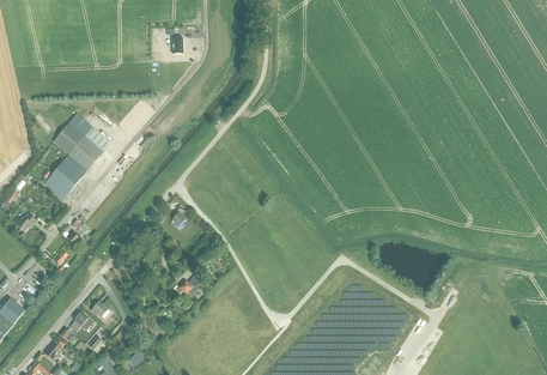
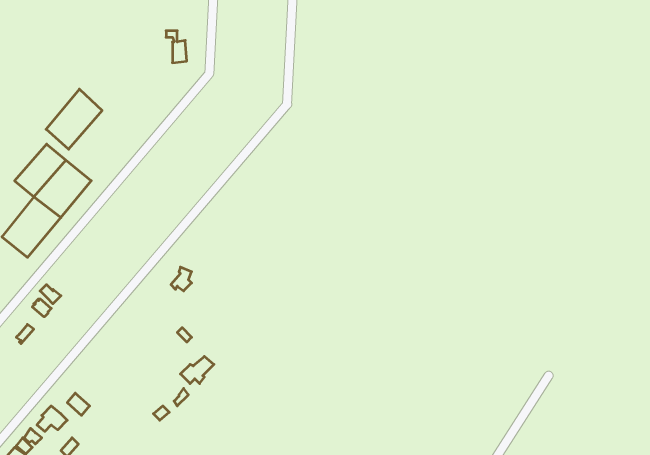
building: none -> [46,89,102,149]

